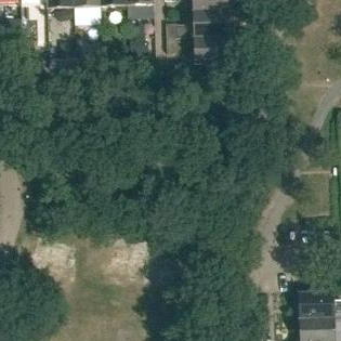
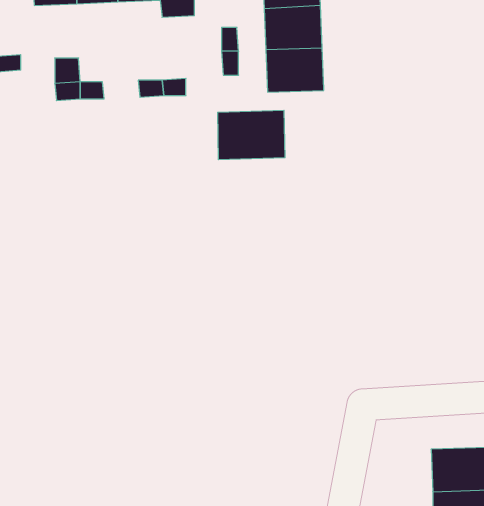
building: none -> [218,110,285,160]

